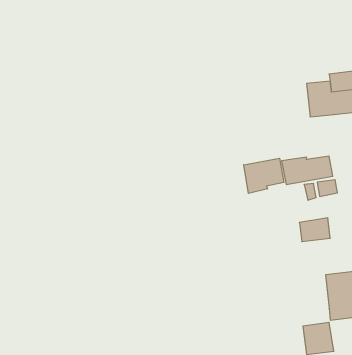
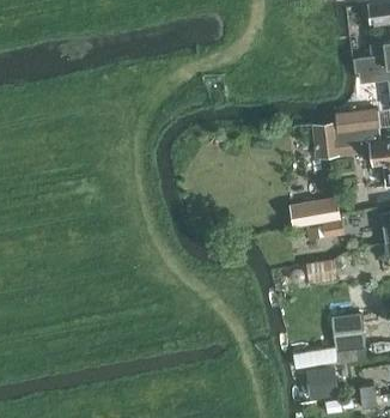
building: [244,158,284,193] -> none

